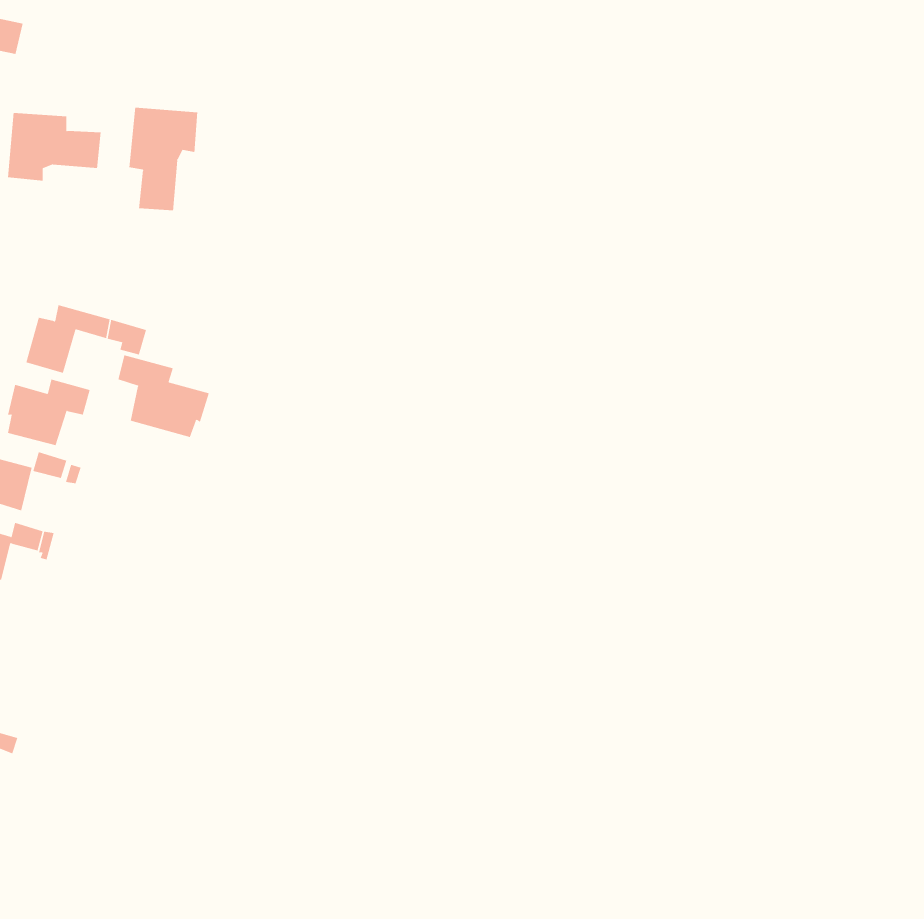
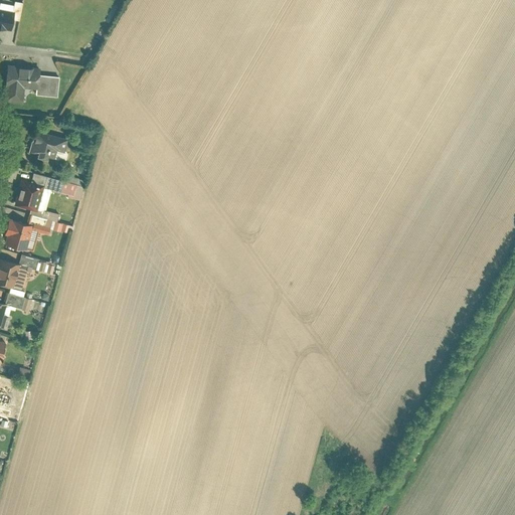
building: [129,107,198,211] -> none
building: none -> [28,133,66,159]
building: [118,354,210,438] -> none

